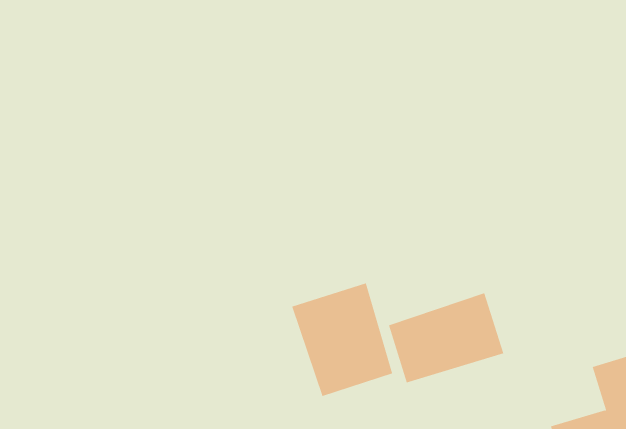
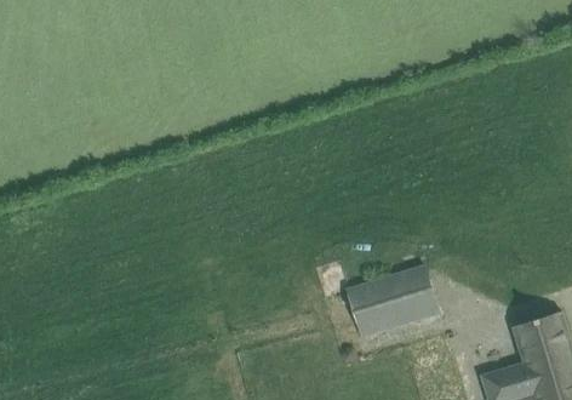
building: [292,282,393,397] -> none

